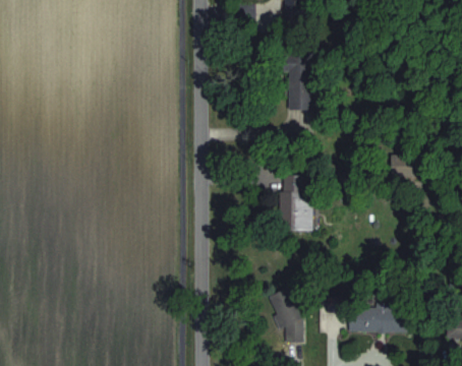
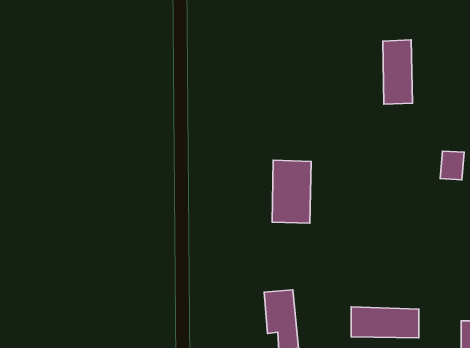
building: [286,54,312,111] -> [383,40,412,104]
building: [390,155,411,180] -> [440,151,464,180]

